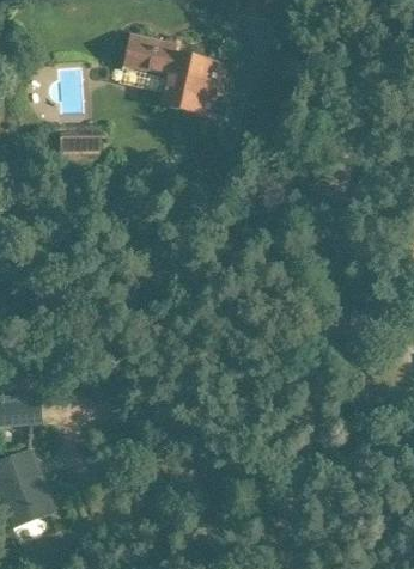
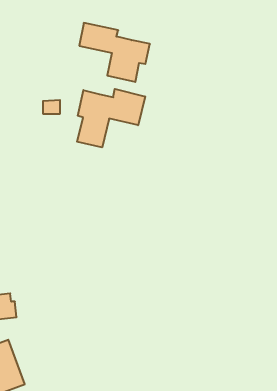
building: none -> [77,89,145,147]

